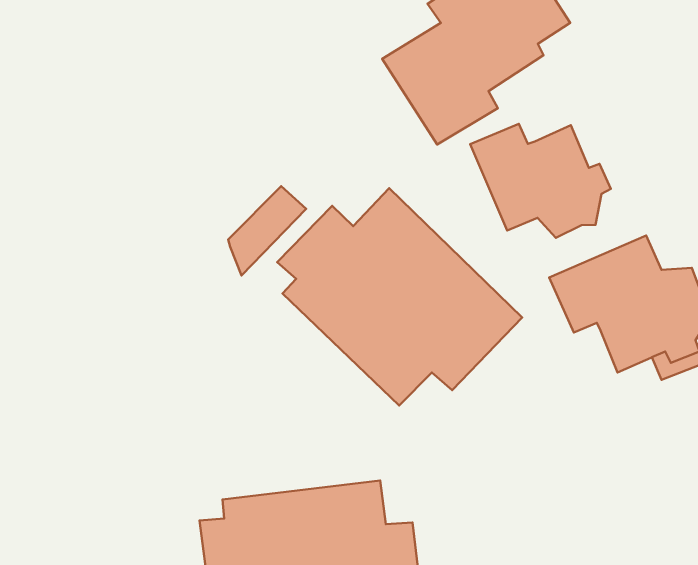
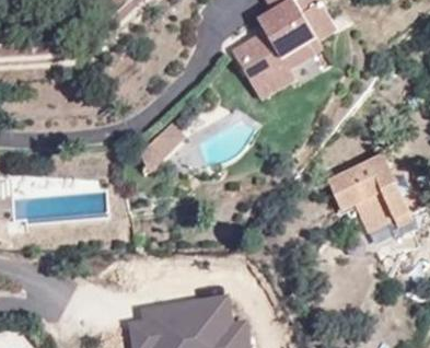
building: [470,124,611,238] -> none
building: [277,188,522,406] -> none

